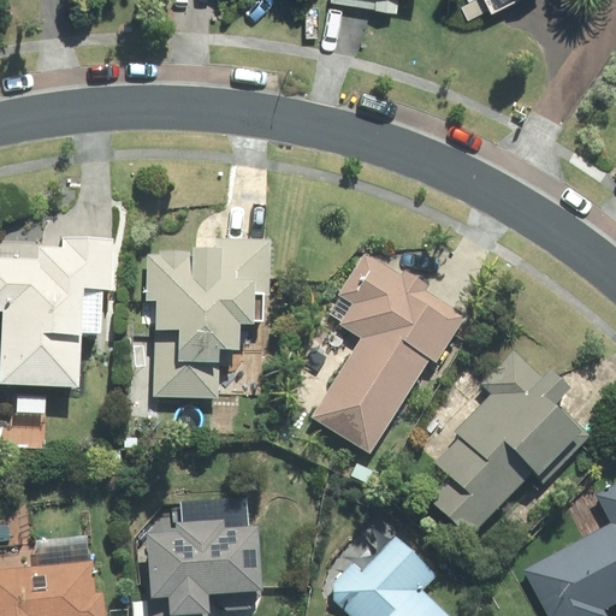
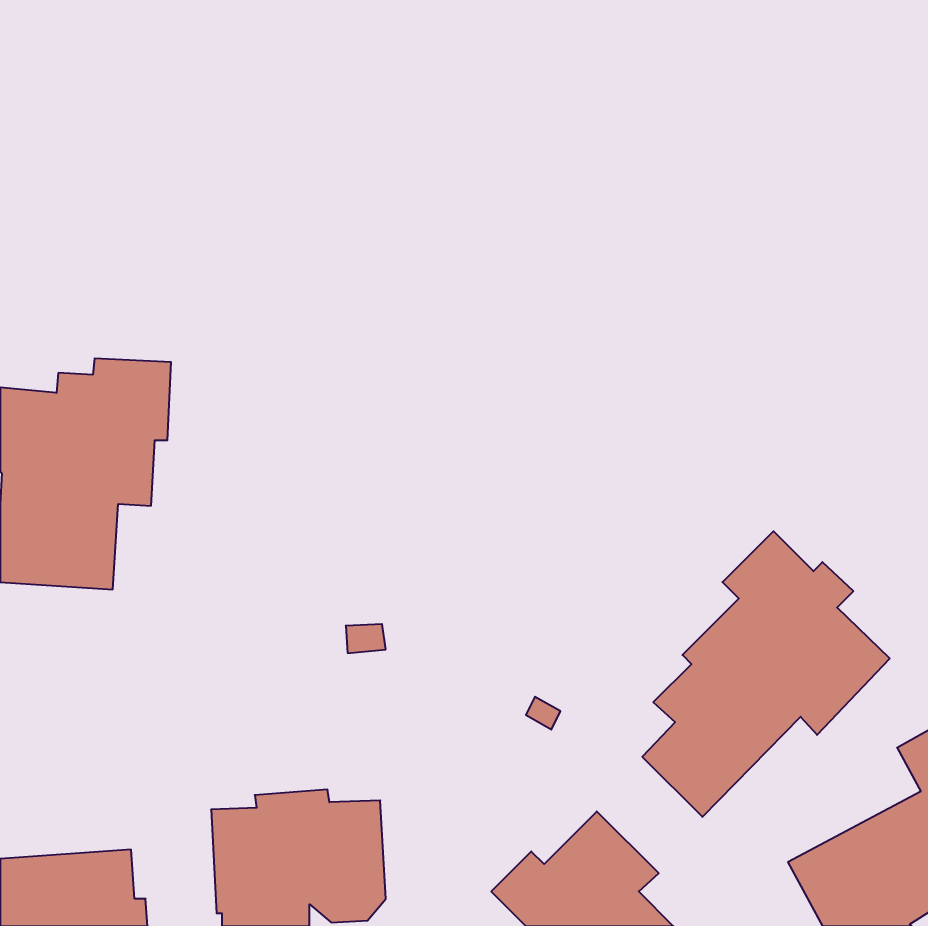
building: [144,238,272,399] -> none
building: [310,251,466,455] -> none

